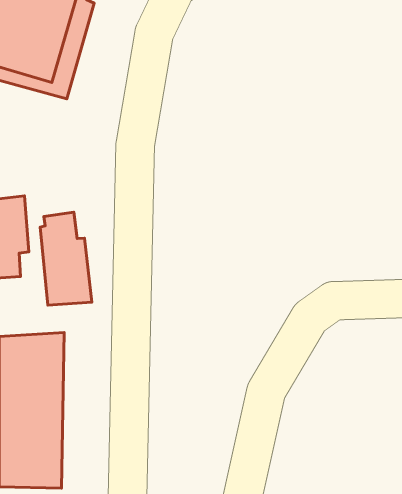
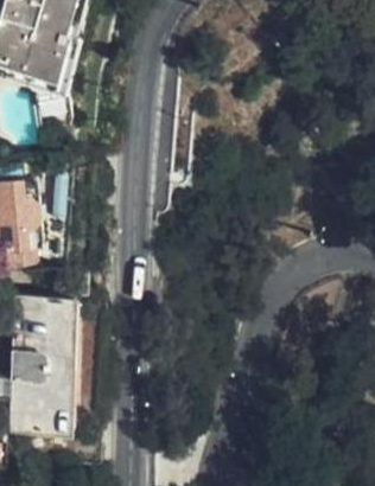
building: [40,212,92,305] -> none

